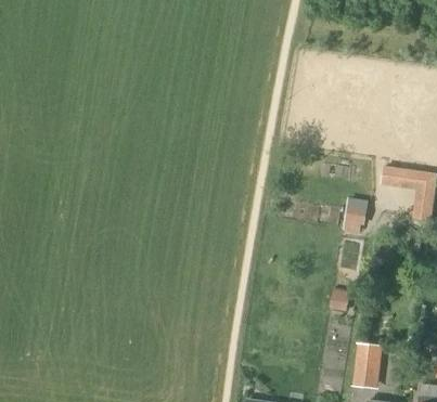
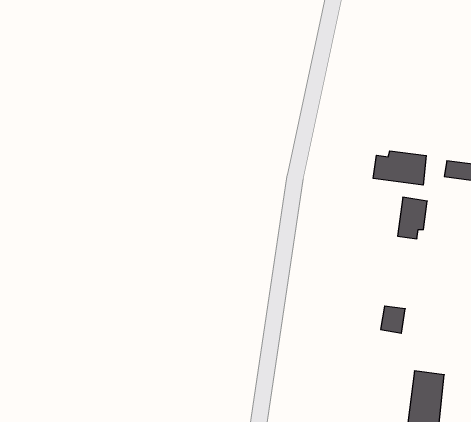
building: none -> [373,151,426,185]

